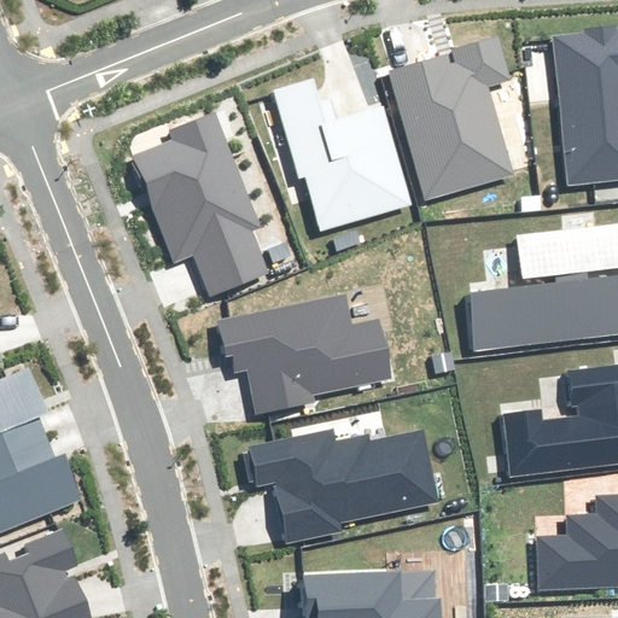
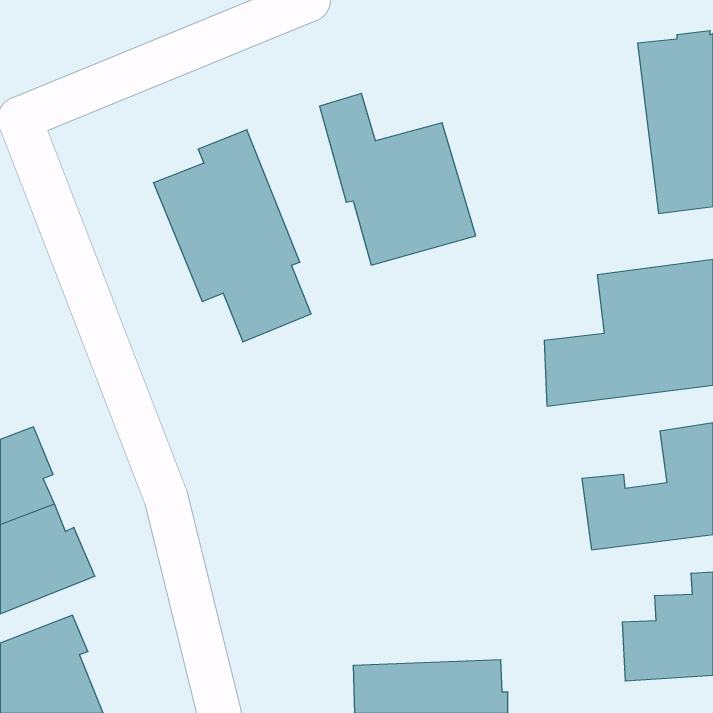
building: [389,37,512,202] -> none
building: [220,296,391,412] -> none
building: [249,431,439,542] -> none

